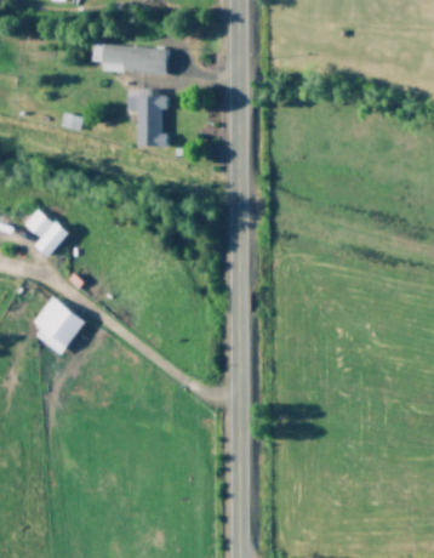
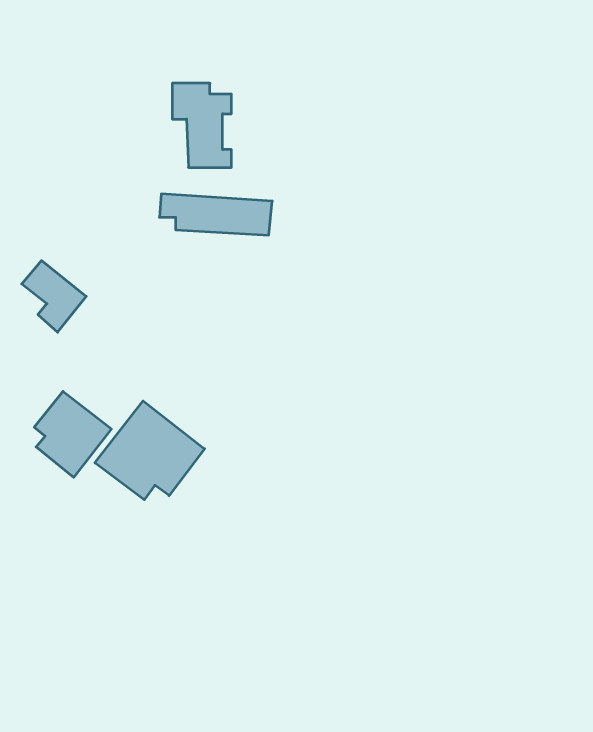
building: [91,46,167,74] -> [159,194,272,235]
building: none -> [95,401,205,500]

